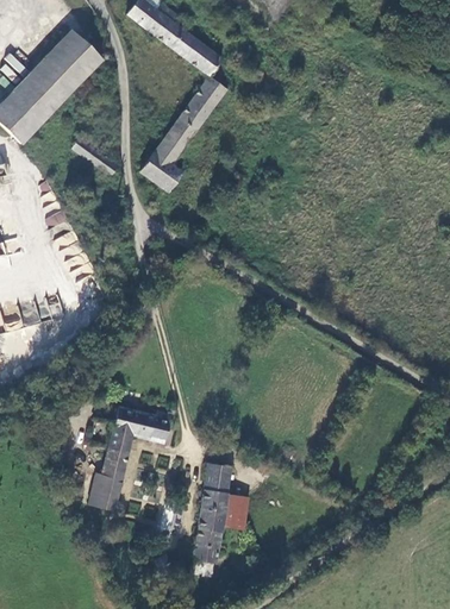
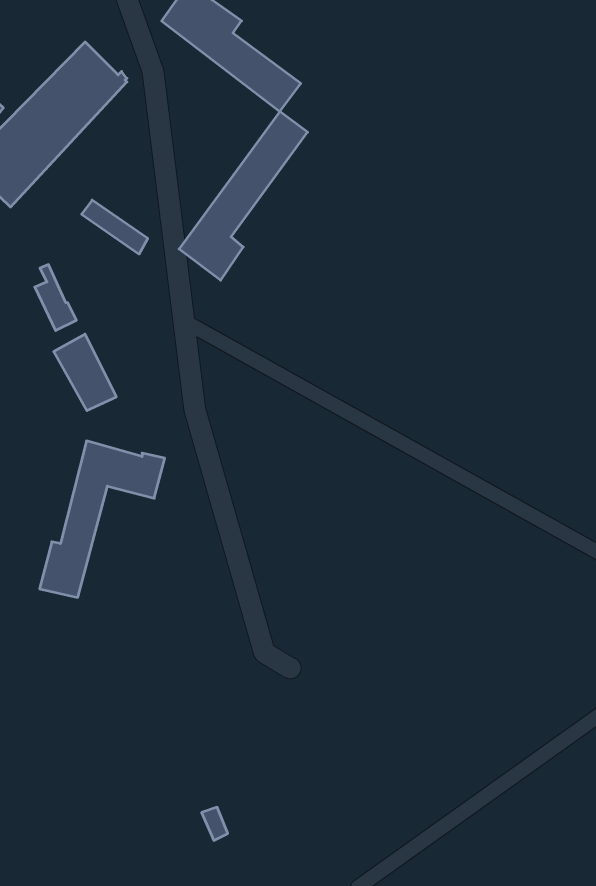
building: [87,402,173,509] -> [40,441,165,597]
building: [193,464,246,564] -> none

